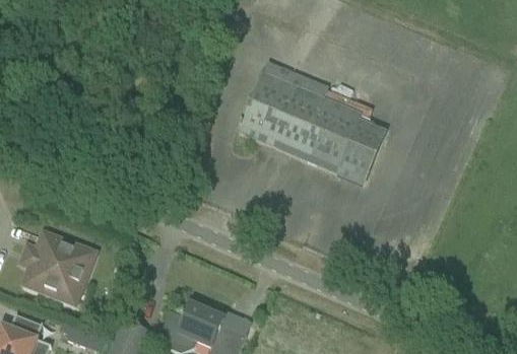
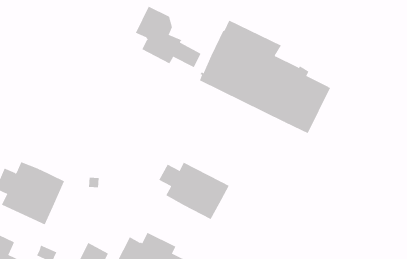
building: none -> [135,6,210,71]
building: none -> [159,162,230,220]

